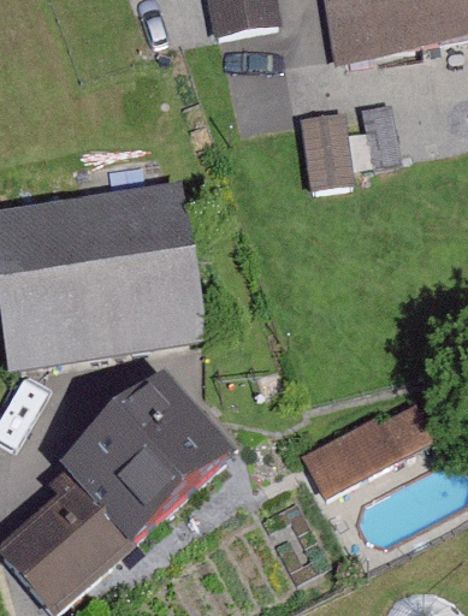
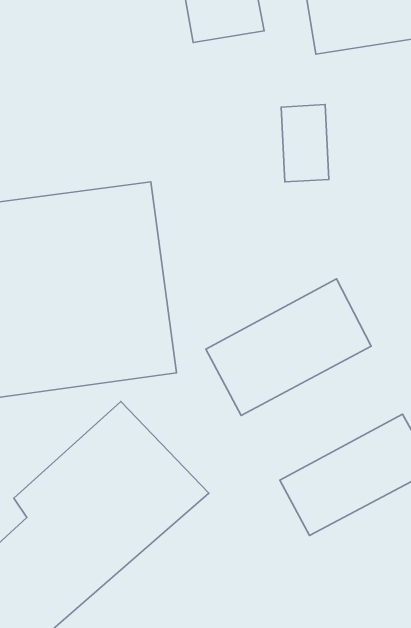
building: none -> [206,279,371,415]

